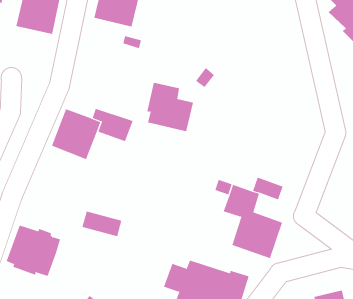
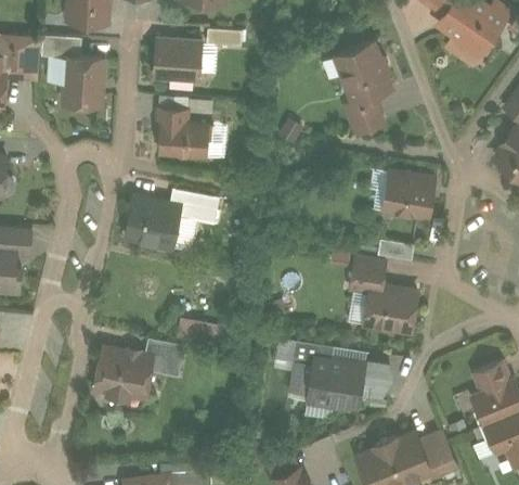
building: none -> [329,39,394,136]
building: [146,82,194,132] -> [152,105,207,158]
building: none -> [381,167,436,220]
building: none -> [144,339,186,376]

